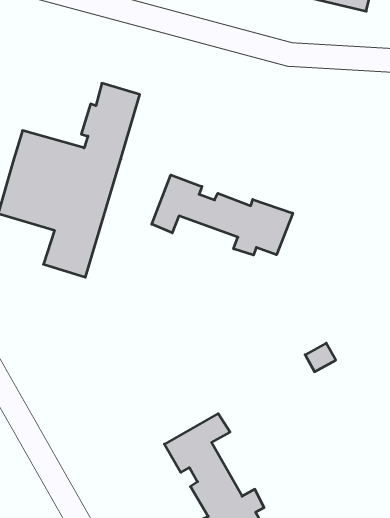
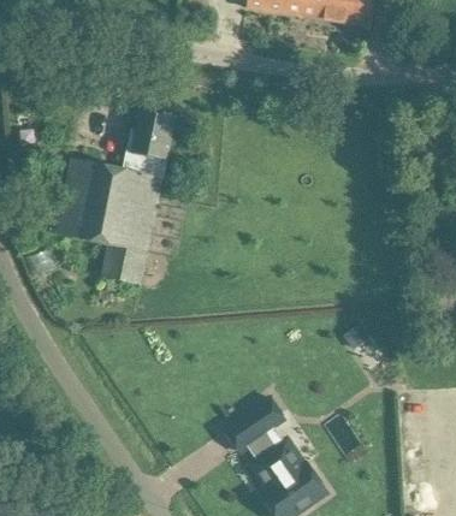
building: [152,175,293,255] -> none

